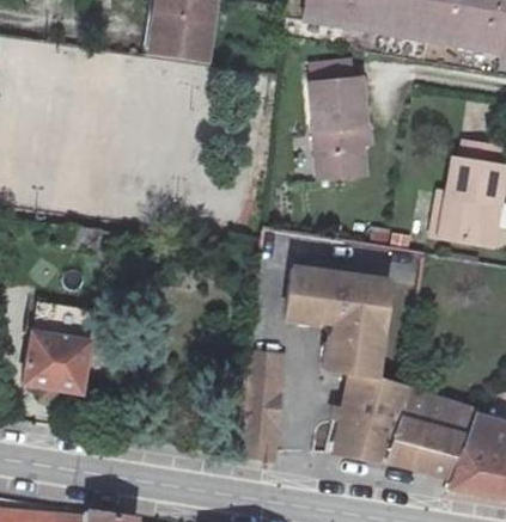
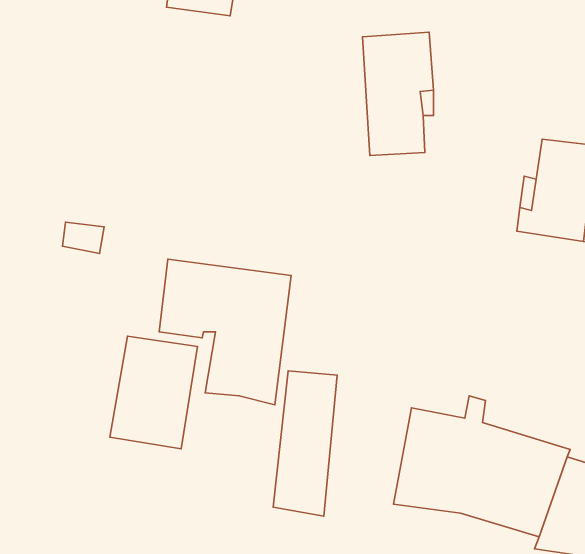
building: [286,262,392,379] -> [159,259,291,405]
building: [23,302,93,393] -> [110,336,197,449]

